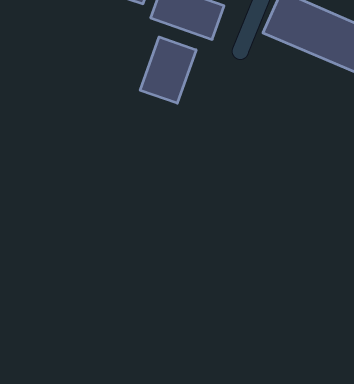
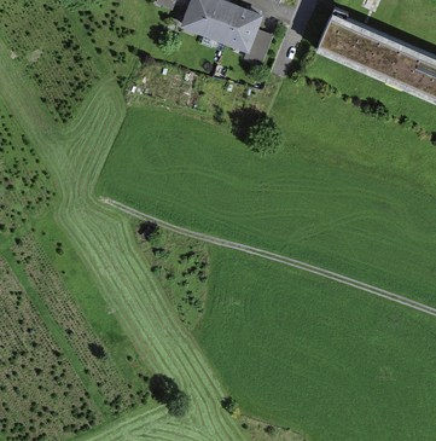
building: [140,37,196,103] -> none

